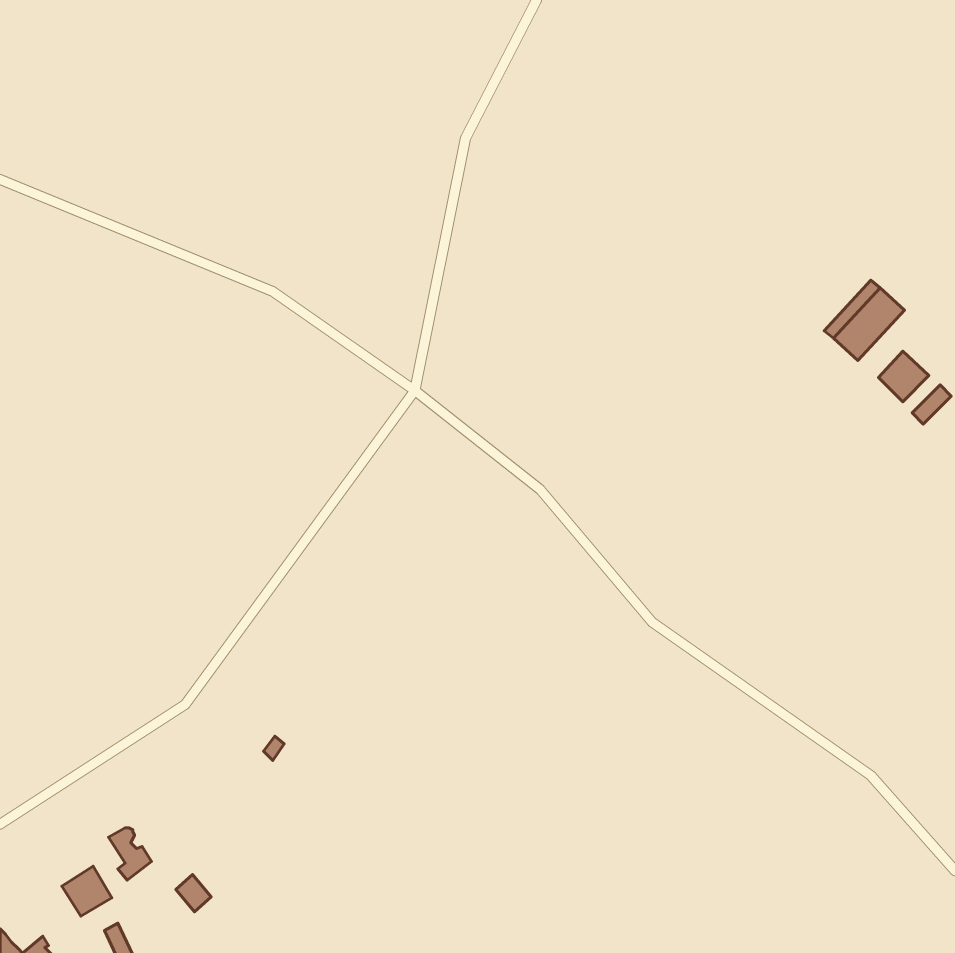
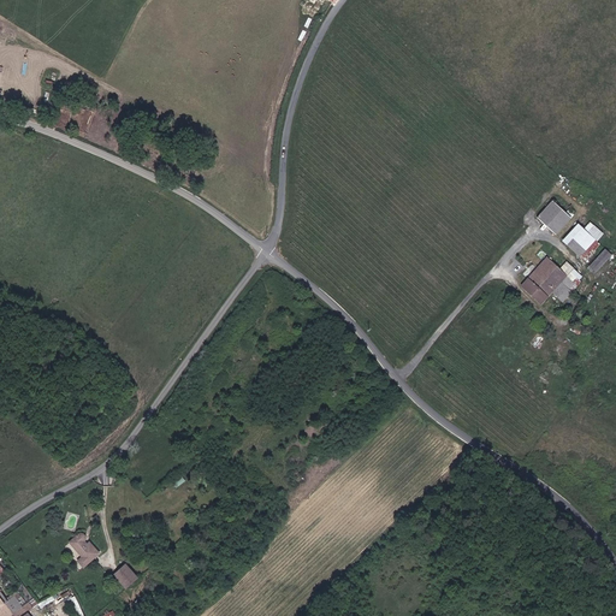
building: none -> [521,260,585,303]
building: [62,866,112,916] -> none

